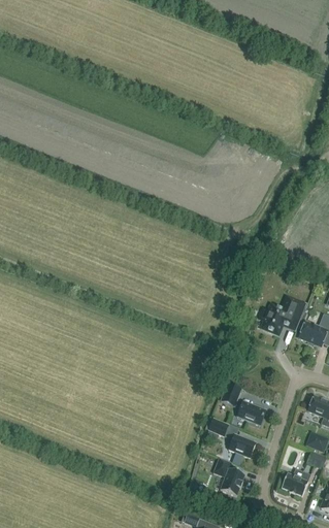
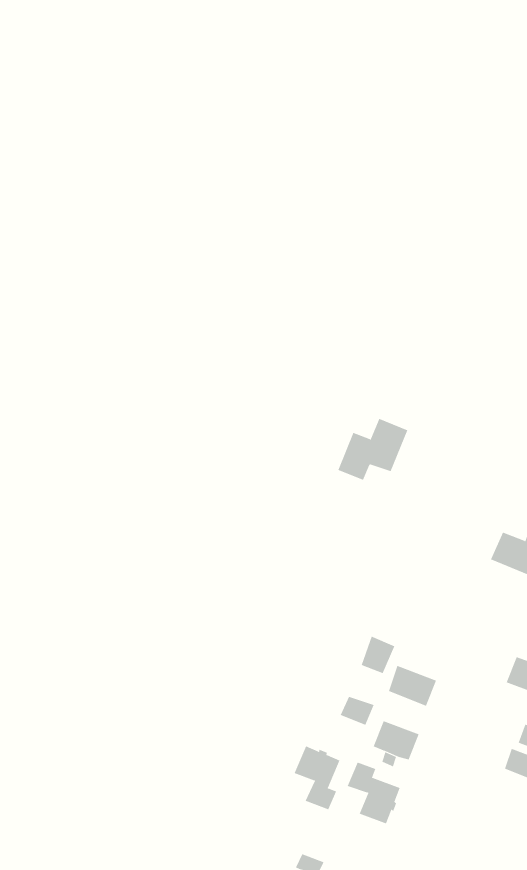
building: [263,296,305,333] -> [337,418,408,480]
building: none -> [294,746,340,810]
building: [282,472,310,495] -> none

